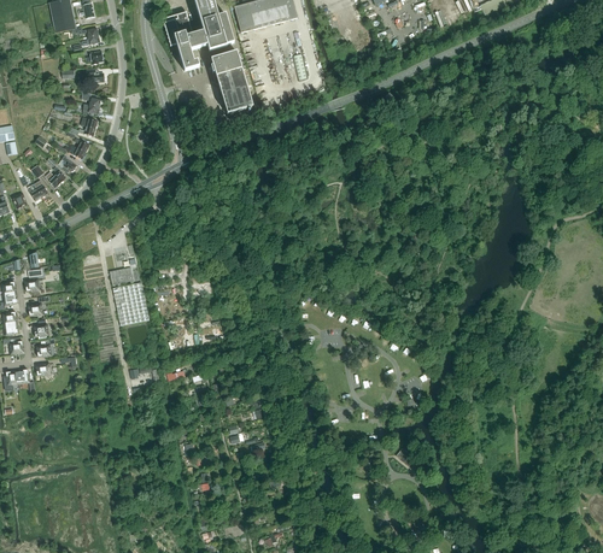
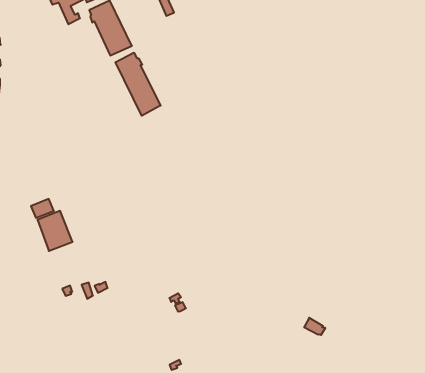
building: none -> [116,53,161,116]

